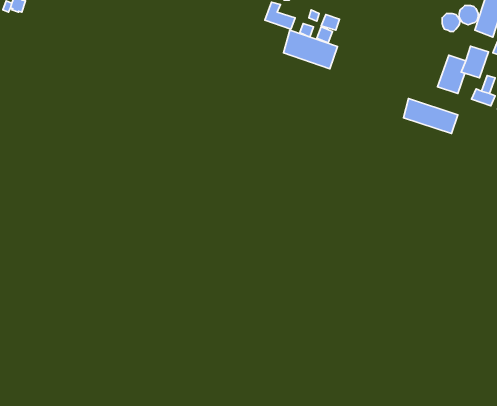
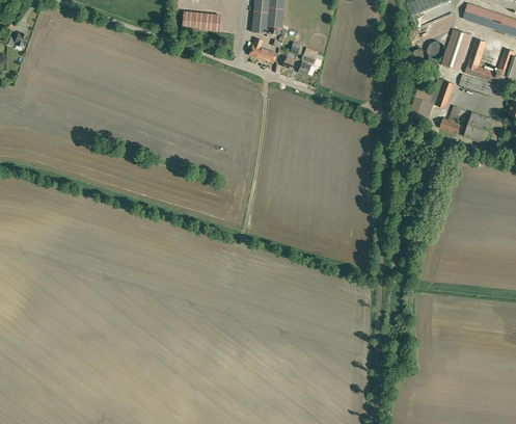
building: [283,30,338,69] -> none
building: [403,98,458,134] -> none

